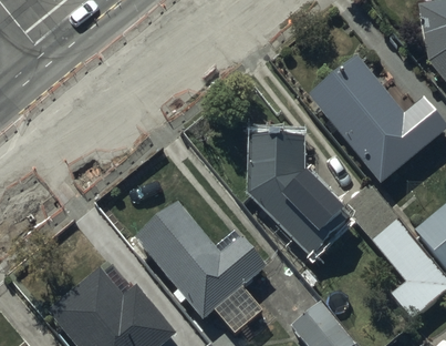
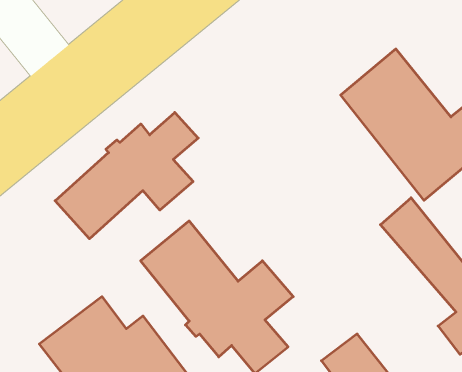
building: none -> [55,112,198,239]
building: [247,133,350,256] -> none

